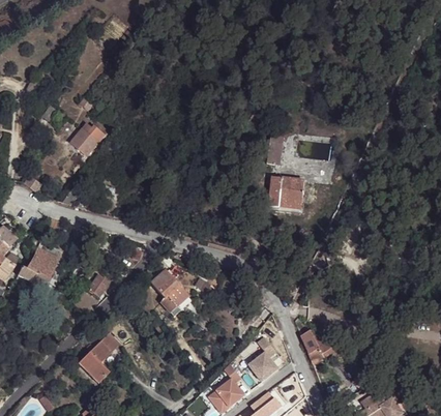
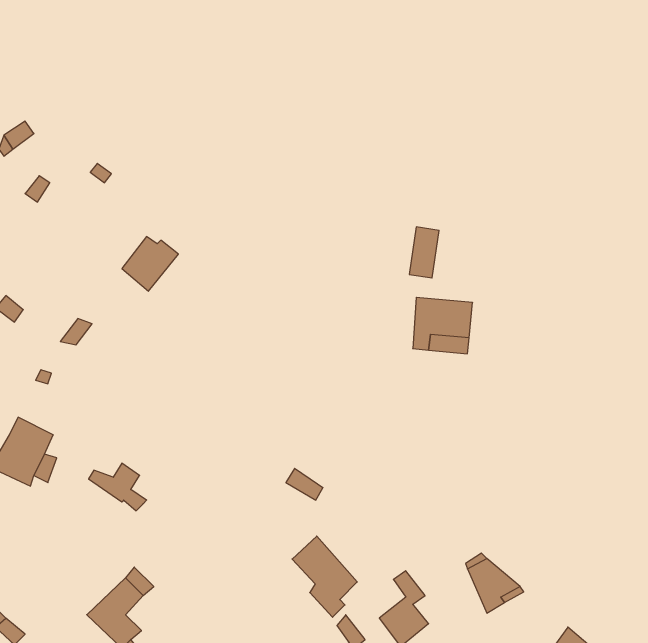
building: [71,123,105,155] -> [122,237,178,291]
building: [150,268,188,316] -> [292,536,357,617]

